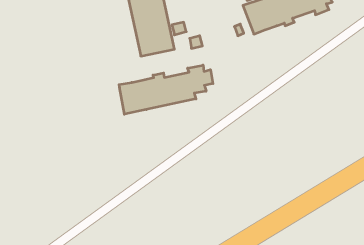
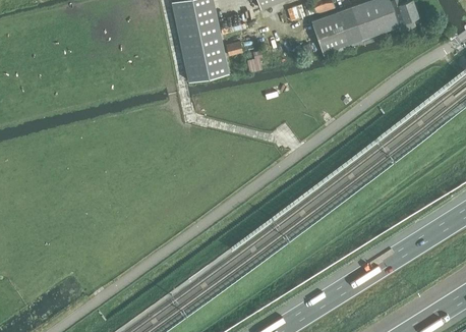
building: [119,65,213,114] -> none

